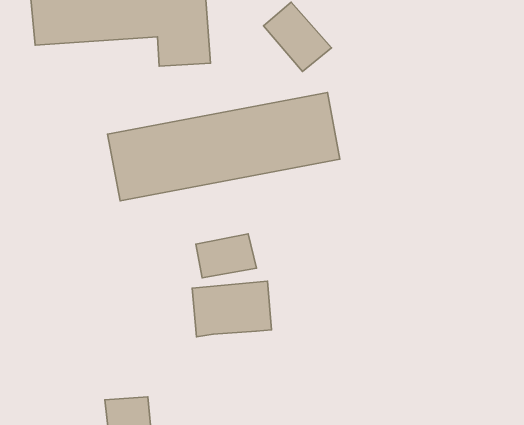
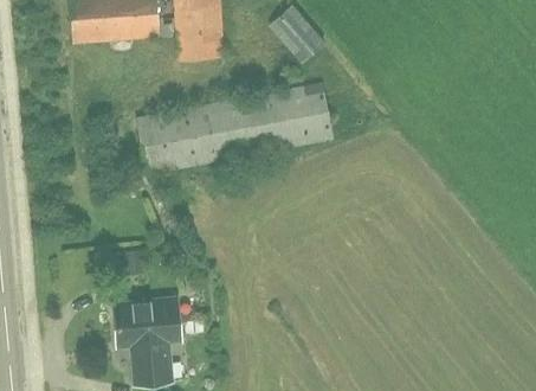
building: [196,234,256,278] -> none
building: [192,281,272,337] -> [114,299,181,346]

